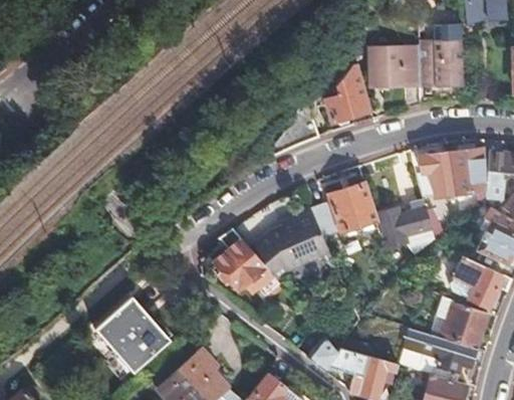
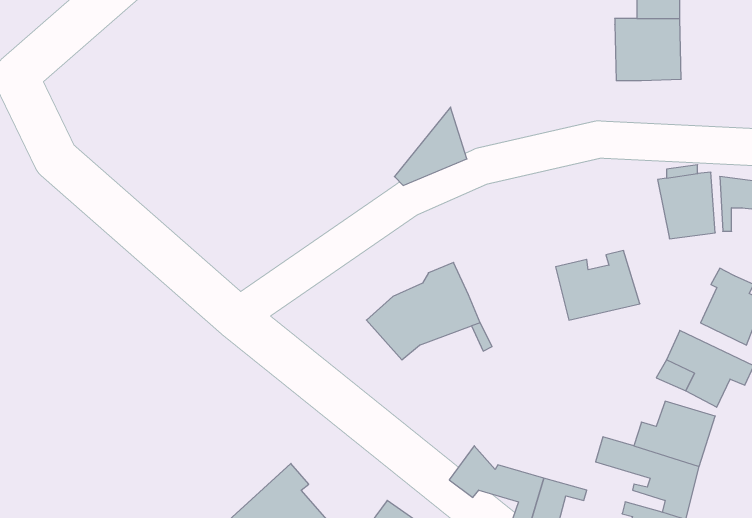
building: [371,48,421,86] -> none
building: [325,62,371,125] -> none
building: [420,154,457,198] -> none
building: [309,184,377,233] -> none
building: [214,229,281,294] -> none
building: [96,298,168,371] -> none

